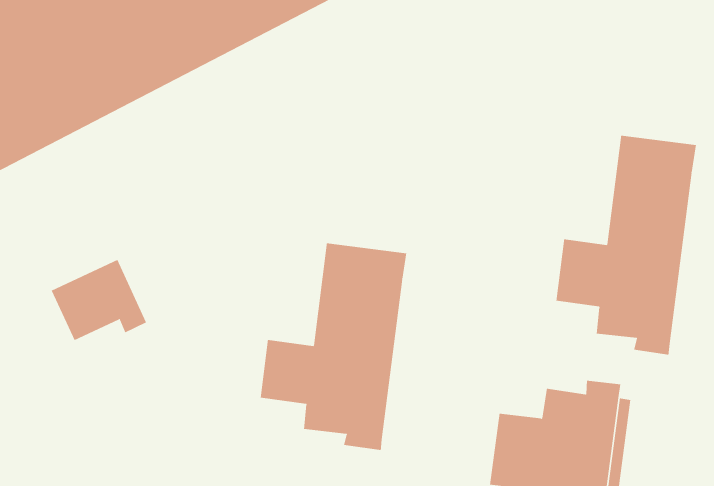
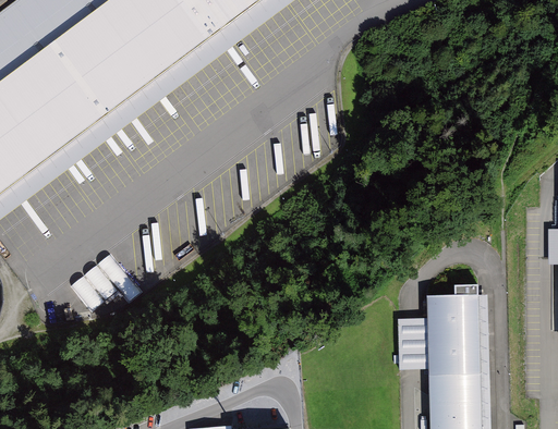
building: [556,135,696,355] -> none
building: [260,243,407,451] -> none

